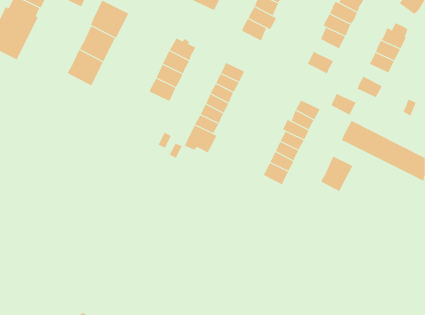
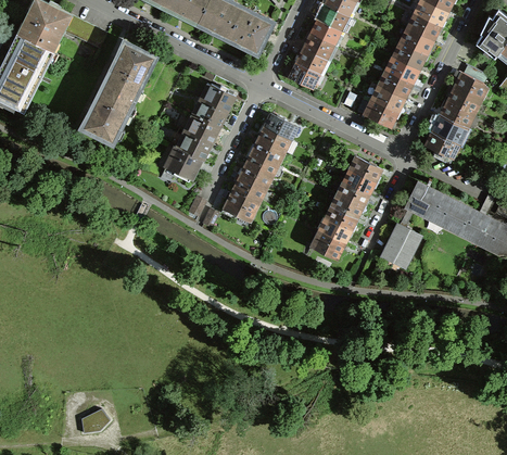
building: none -> [370,85,404,113]
building: none -> [164,147,201,182]
building: [331,93,356,115] -> [432,116,462,142]

